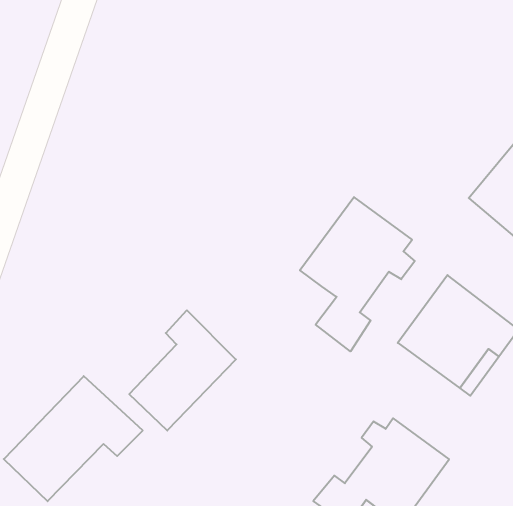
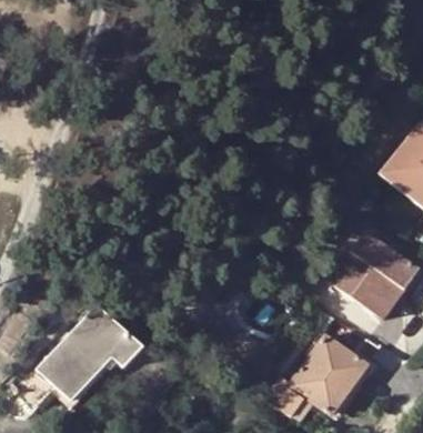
building: [300,197,415,351] -> none
building: [129,310,236,431] -> none

